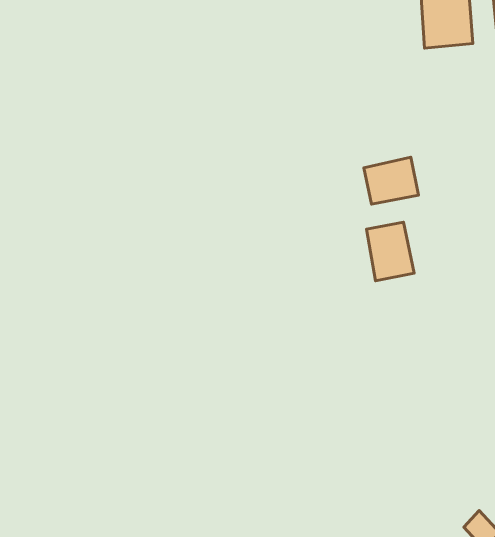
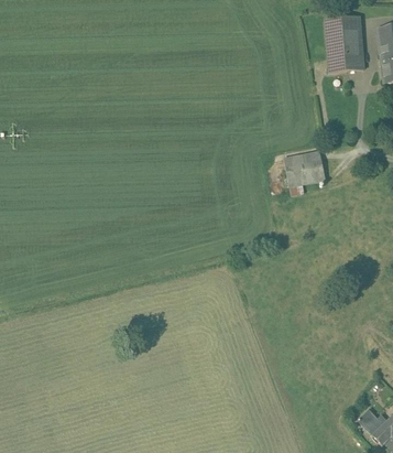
building: [367,222,414,281] -> none

